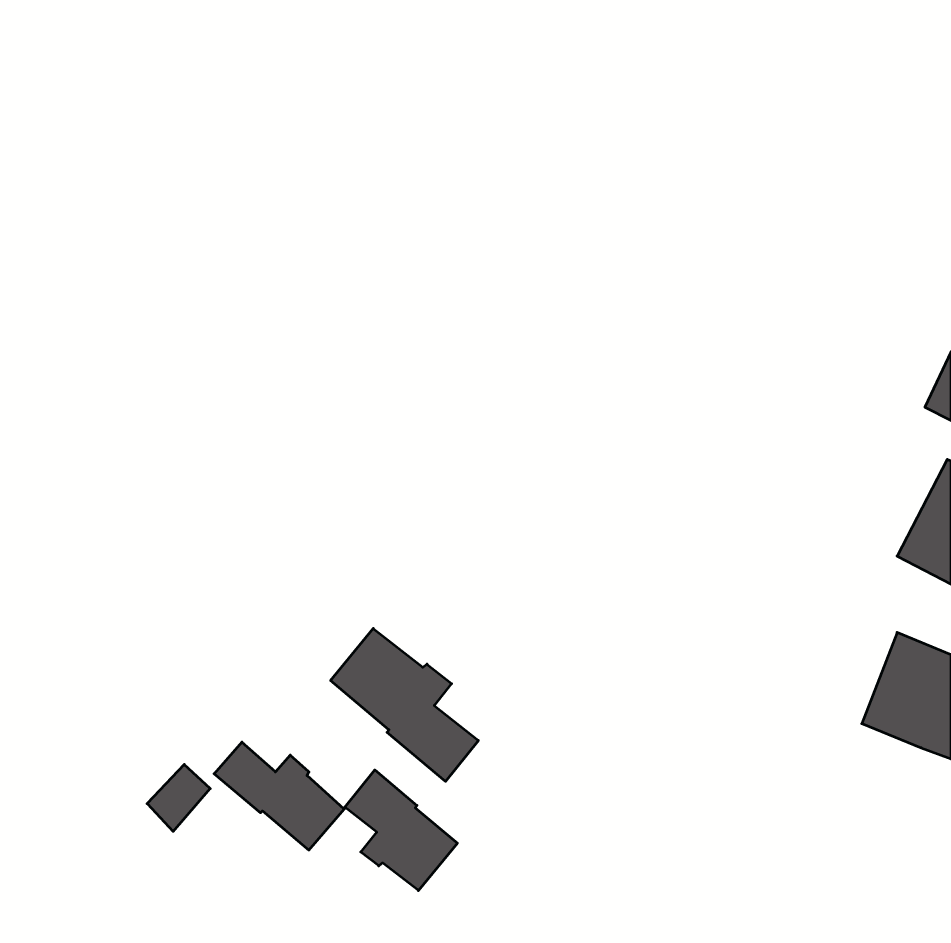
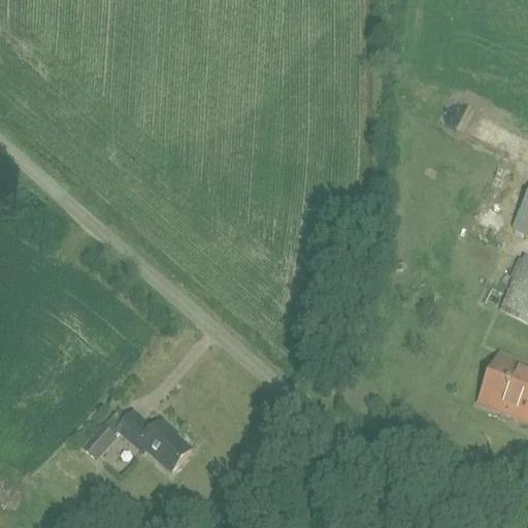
building: [331,628,478,781] -> none
building: [345,770,457,891] -> none

